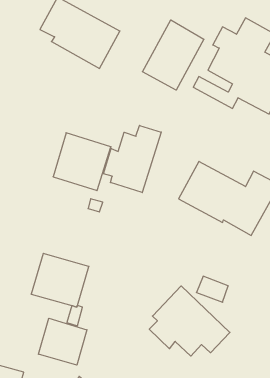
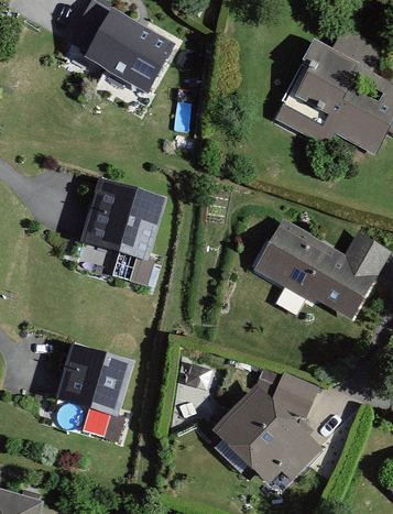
building: [142,20,204,90] -> none
building: [103,125,161,193] -> none
building: [38,318,87,365] -> none

